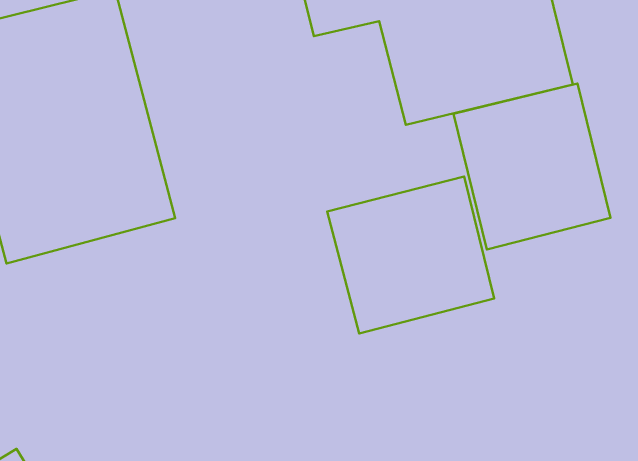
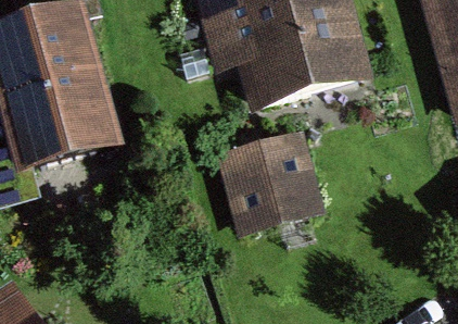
building: [453,84,610,249] -> none

